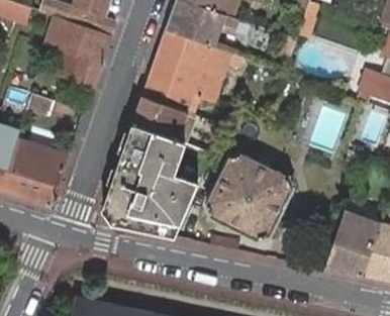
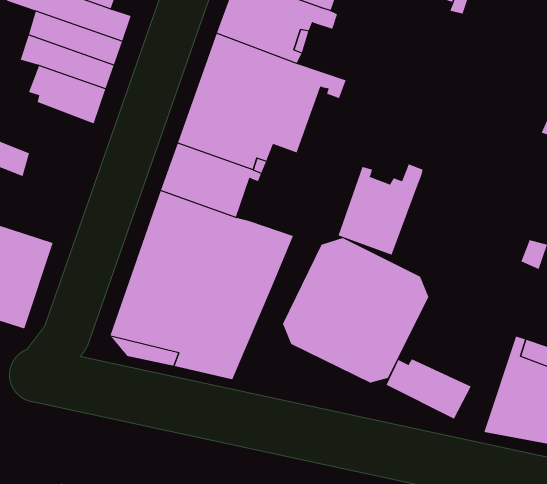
building: none -> [338,163,423,255]
building: none -> [386,358,471,419]

